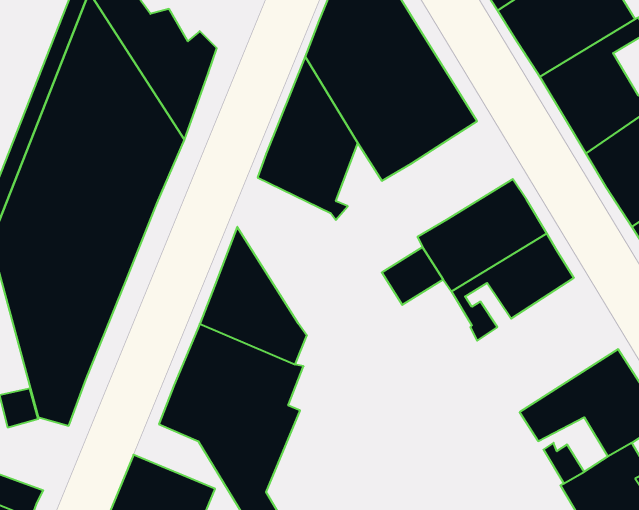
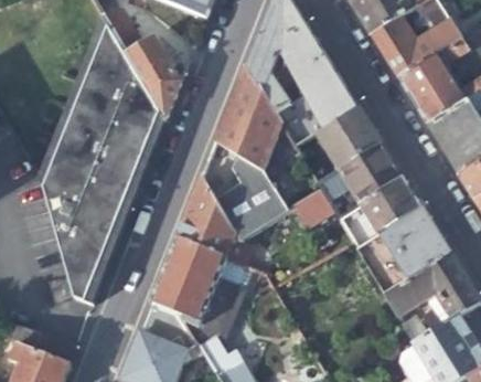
building: none -> [316,106,382,170]
building: none -> [203,142,289,237]
building: none -> [359,208,450,295]

